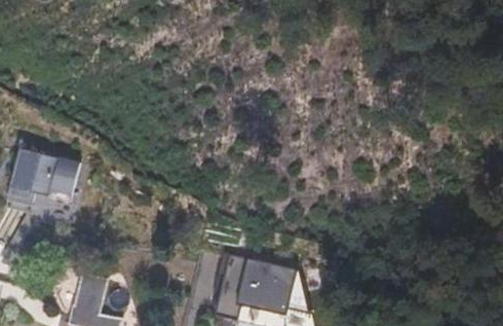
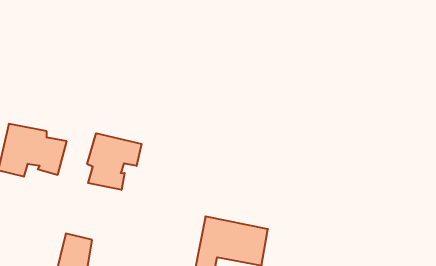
building: none -> [87,133,142,190]

